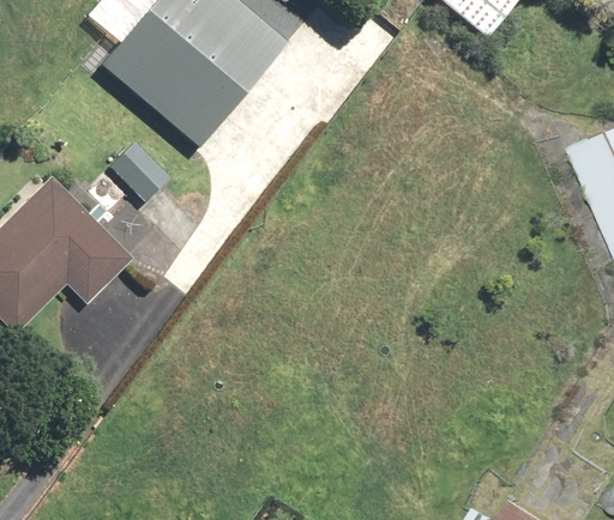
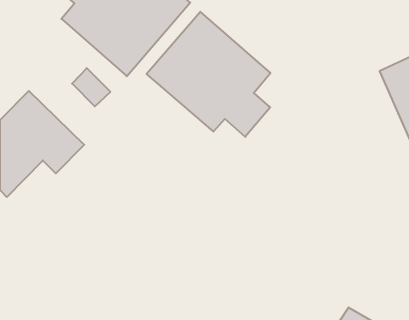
building: none -> [147,12,270,137]

